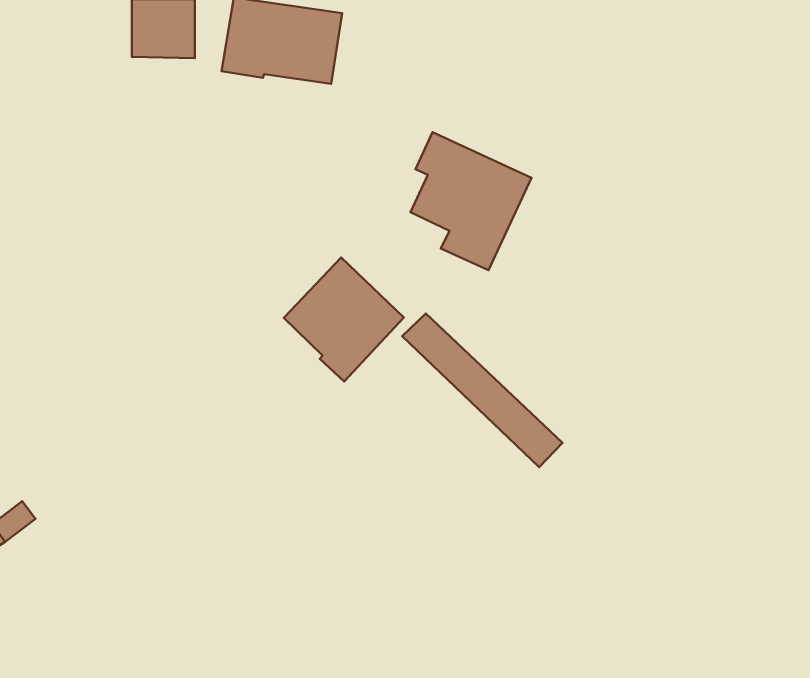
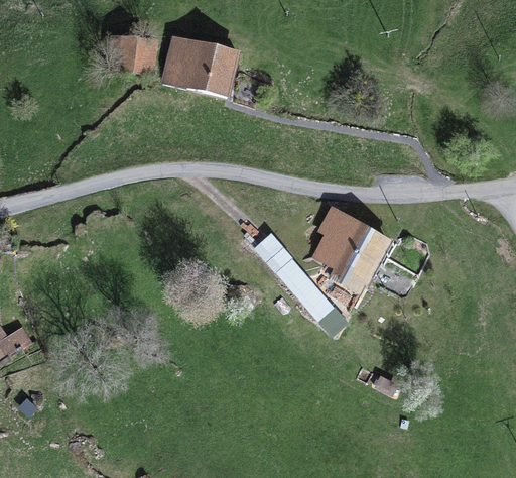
building: [411,132,532,270] -> [315,207,389,291]
building: [284,258,404,381] -> none

